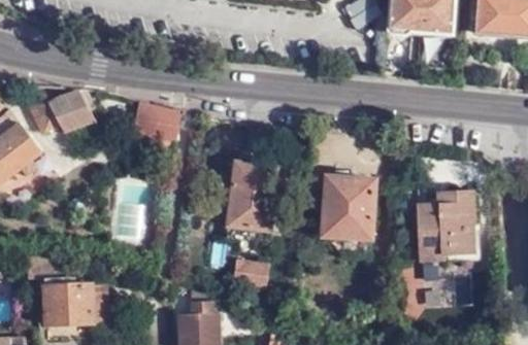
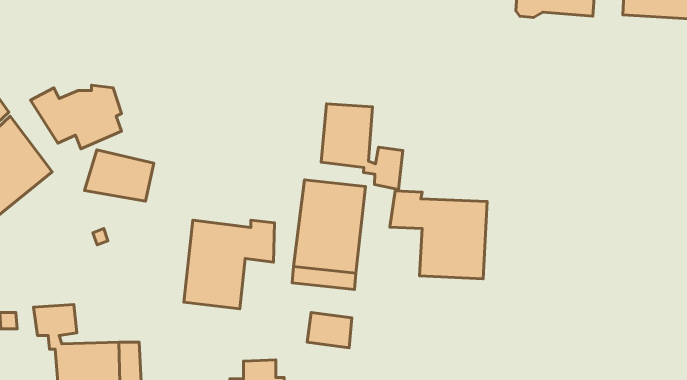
building: [130,101,183,140] -> [85,150,154,201]
building: none -> [321,104,403,189]
building: none -> [184,220,275,309]
building: [418,191,478,255] -> none

